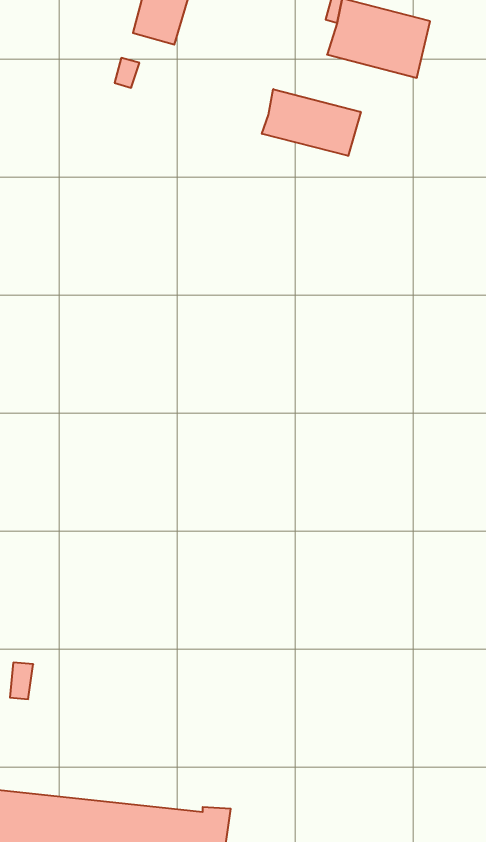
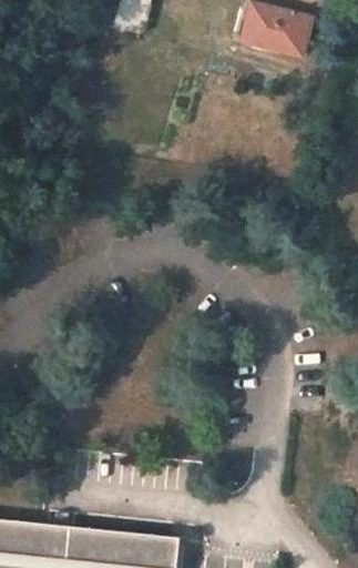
building: [262,89,361,156] -> none

